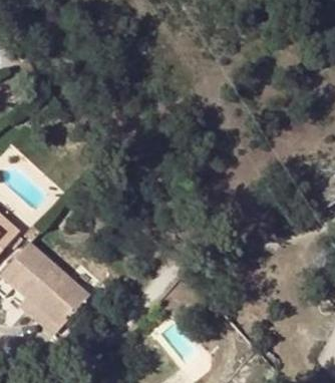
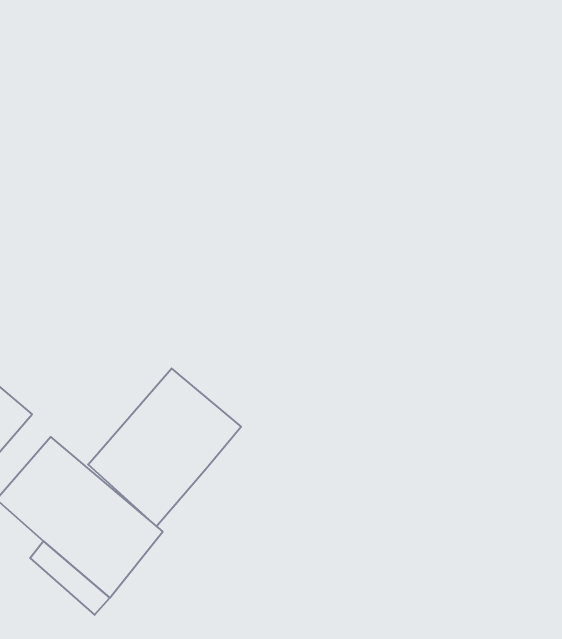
building: none -> [88,368,241,526]

